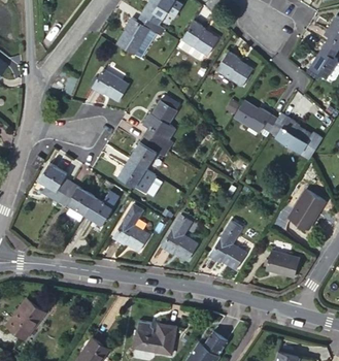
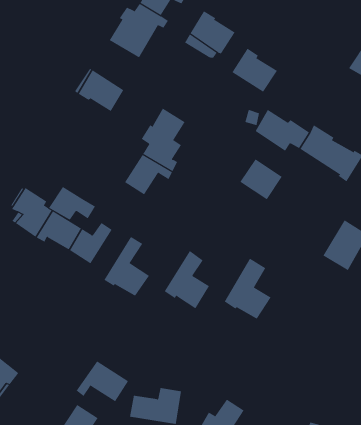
building: none -> [240,158,283,200]
building: [117,159,156,187] -> [48,186,96,221]
building: [266,250,300,277] -> none
building: none -> [76,361,129,402]

